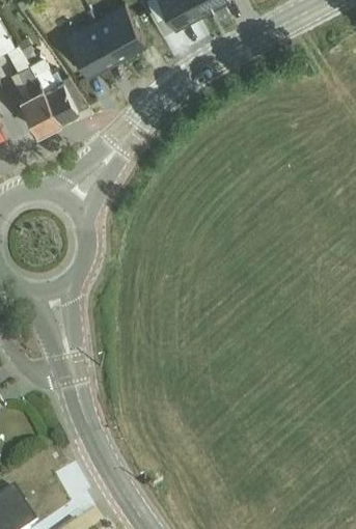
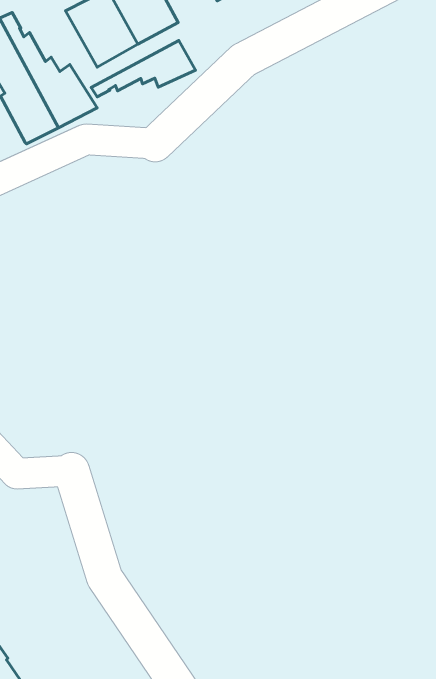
building: none -> [91,40,195,97]

